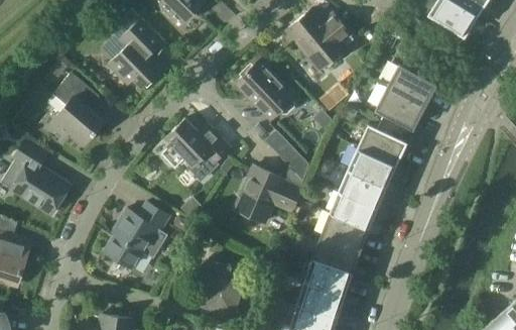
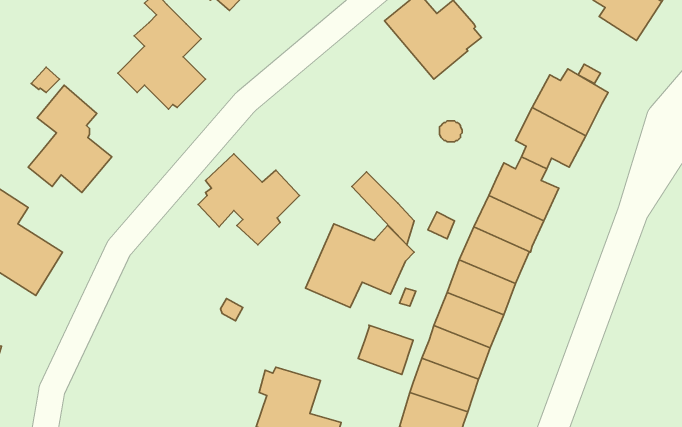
building: [235,60,295,119] -> none
building: [104,201,169,267] -> none
building: none -> [358,325,413,374]

